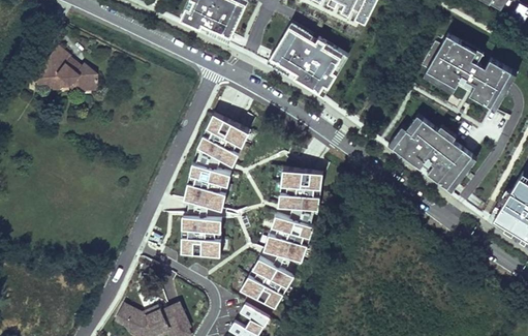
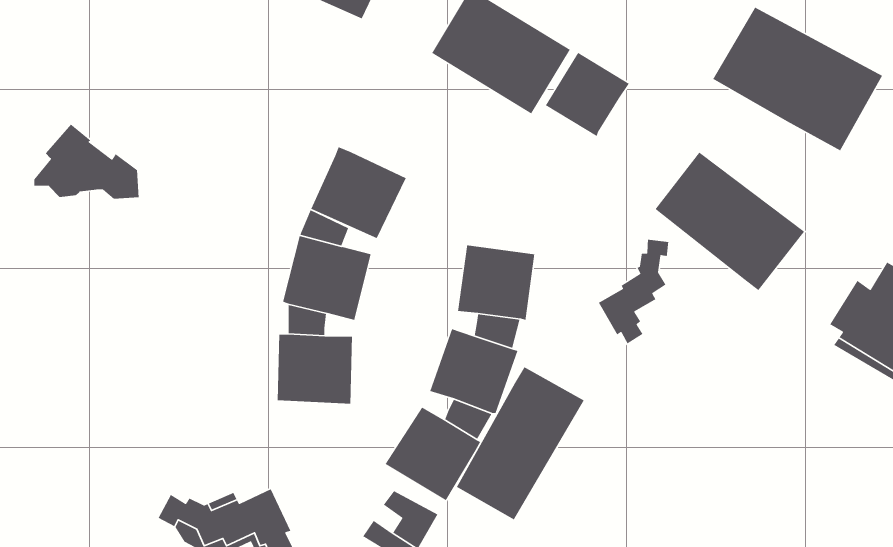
building: [35,47,94,89] -> [34,123,140,200]
building: none -> [545,52,630,137]
building: none -> [598,239,669,345]
building: none -> [456,366,585,520]

